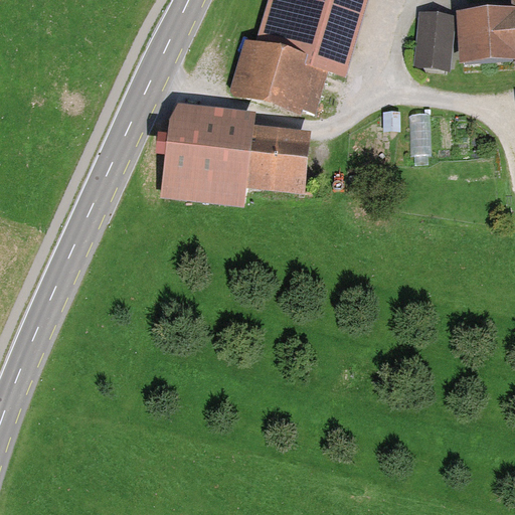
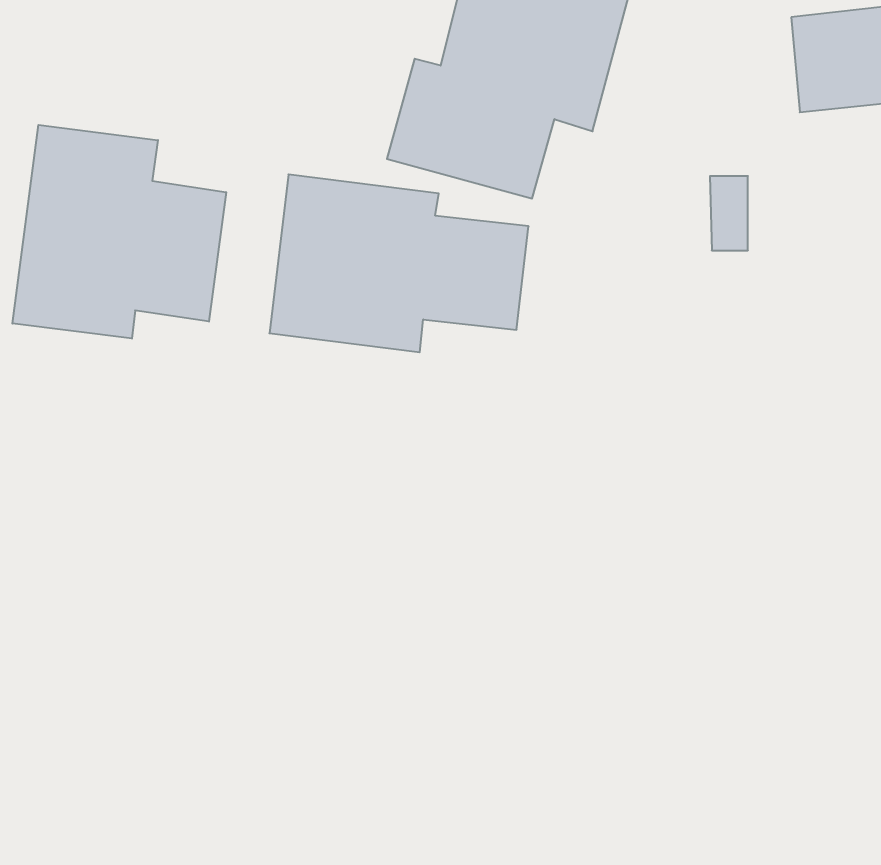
building: [417,9,455,64] -> none
building: none -> [12,125,226,339]

